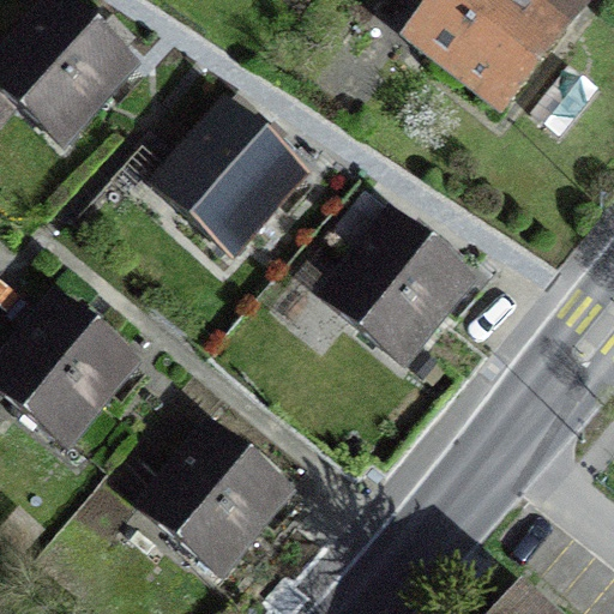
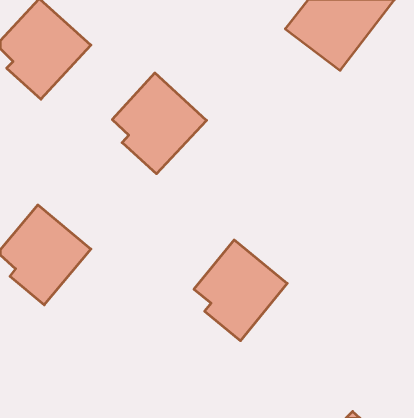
building: [339,217,476,365] -> [194,240,287,341]
building: [156,429,293,574] -> none

